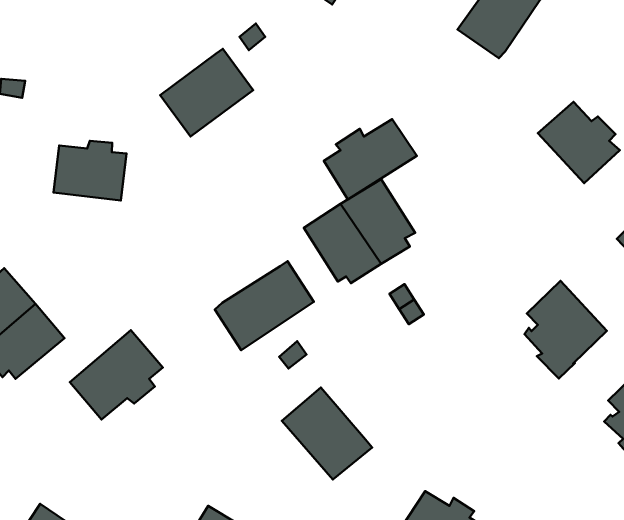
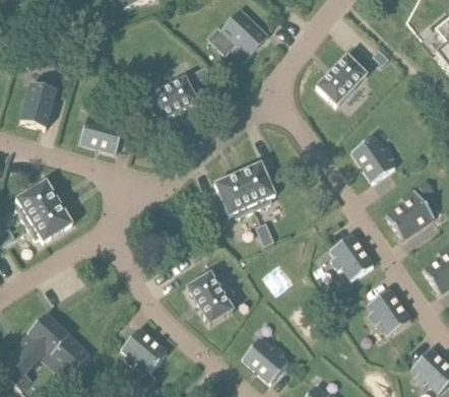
building: [324,119,417,199] -> none
building: [215,261,314,350] -> none
building: [70,330,163,420] -> none

